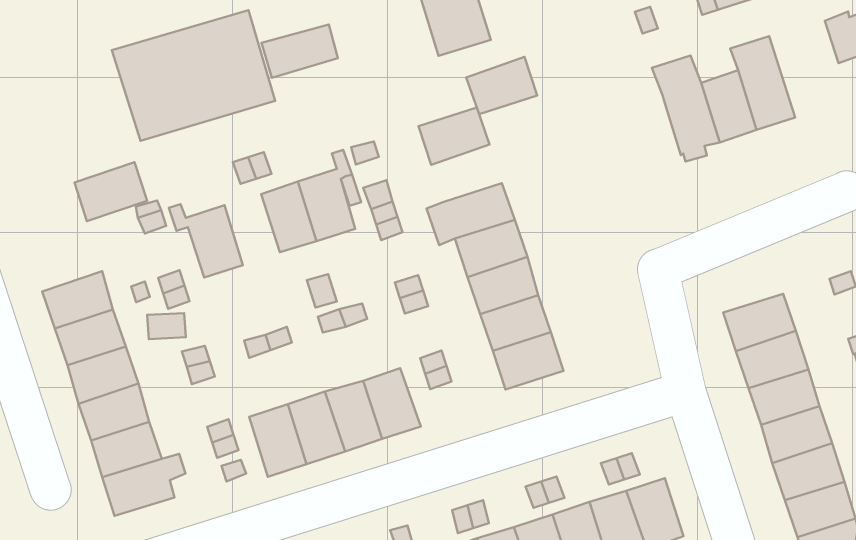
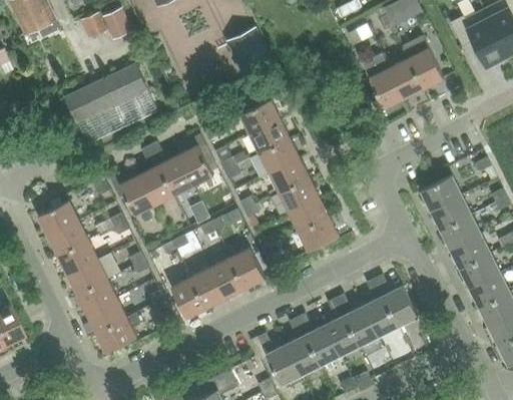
building: [261,24,338,78] -> none
building: [466,57,537,114] -> [248,119,289,154]
building: [74,162,147,221] -> [37,201,78,237]
building: none -> [139,165,173,206]

